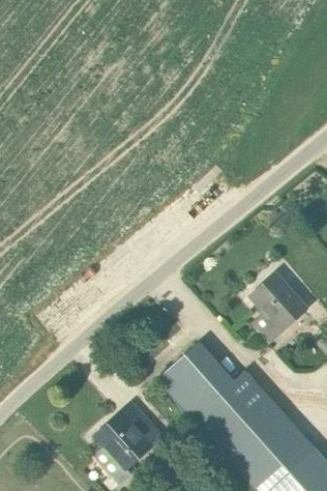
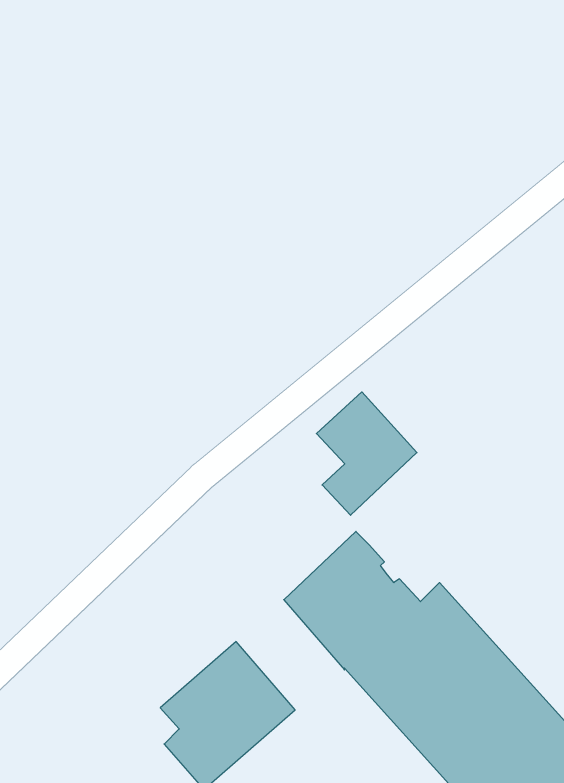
building: [250,272,305,340] -> [316,392,417,515]

